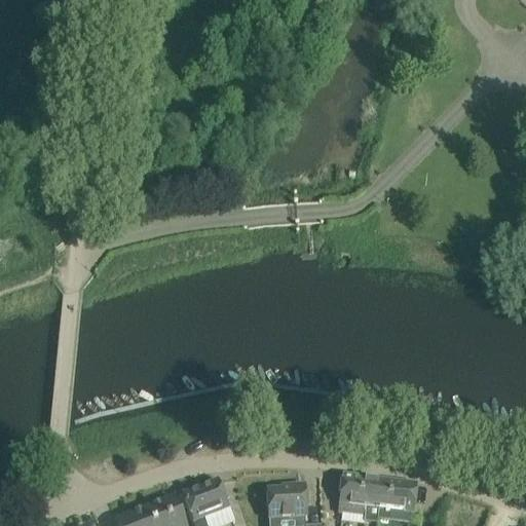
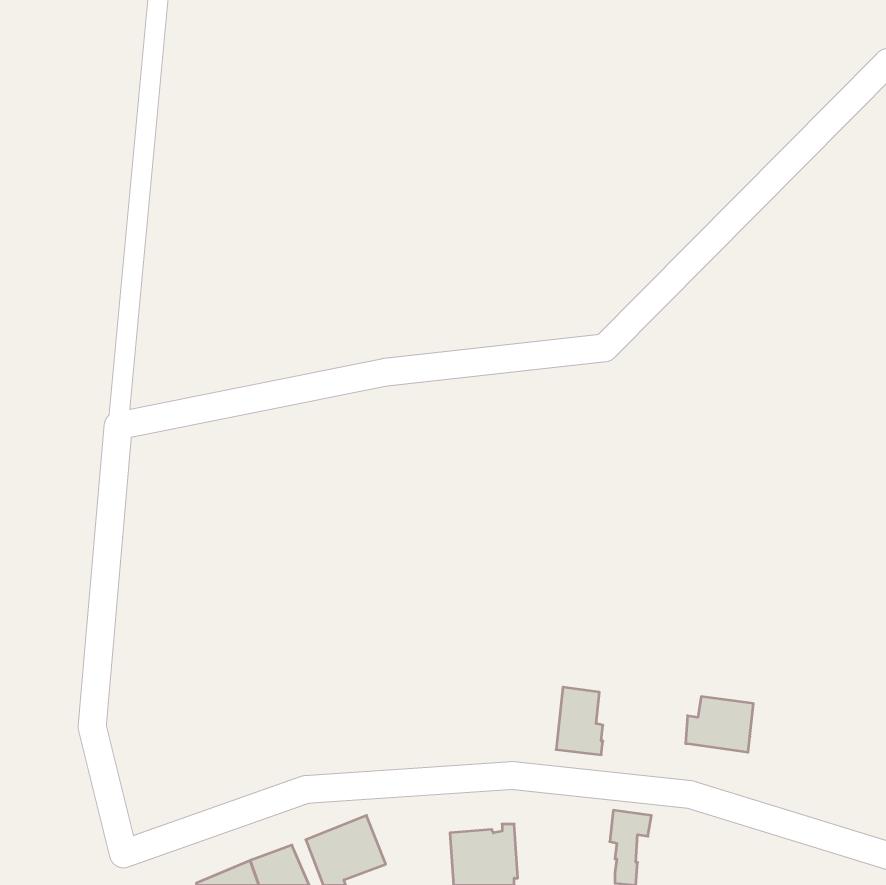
building: [338,476,366,516] -> [556,687,603,755]
building: [377,482,417,515] -> [686,697,753,752]

